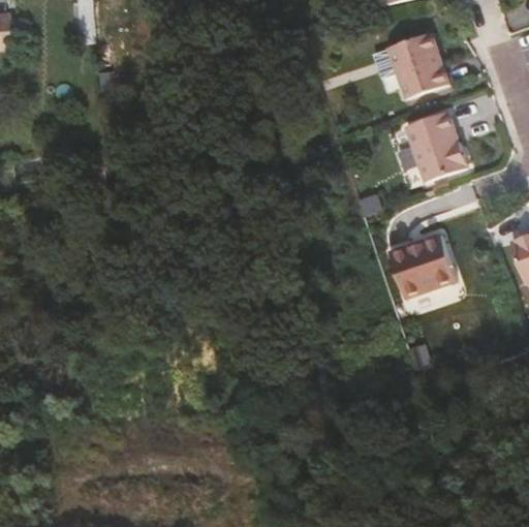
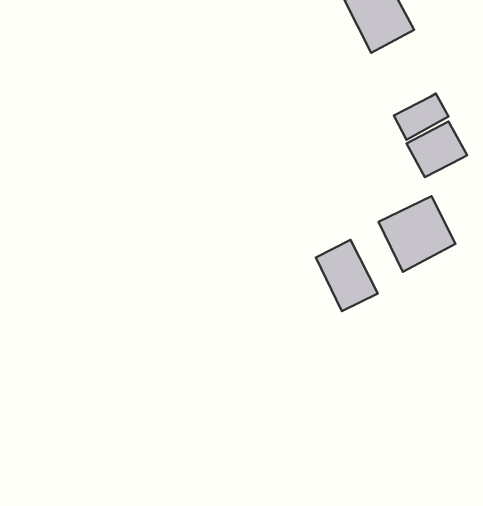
building: [404,110,458,157] -> [406,121,467,177]
building: none -> [316,240,378,311]

